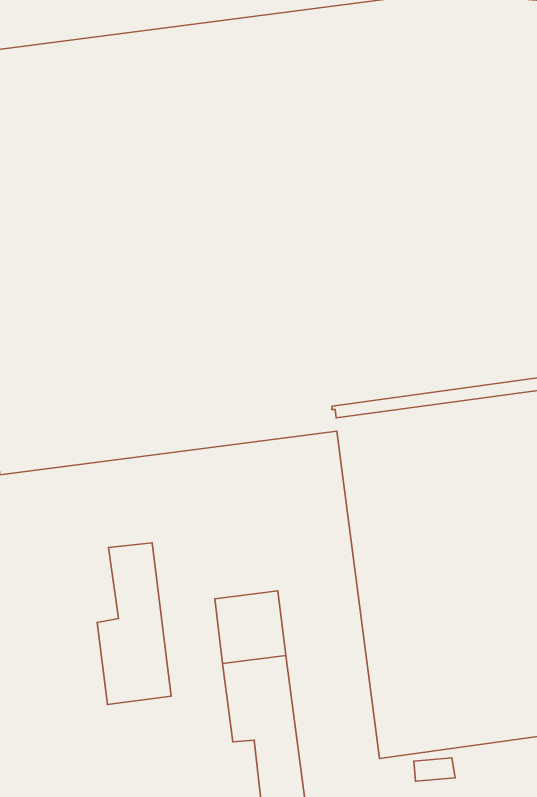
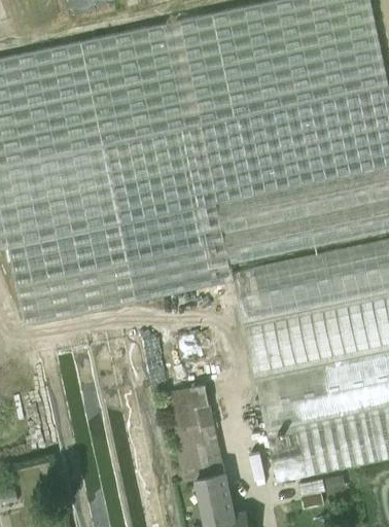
building: [97,543,171,704] -> none

